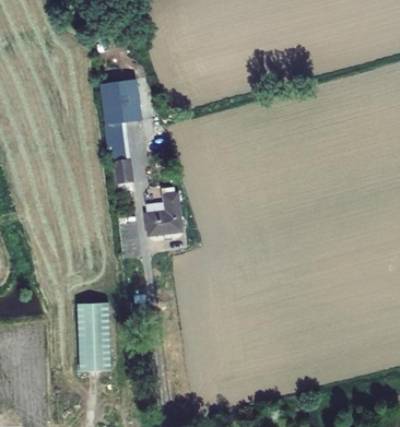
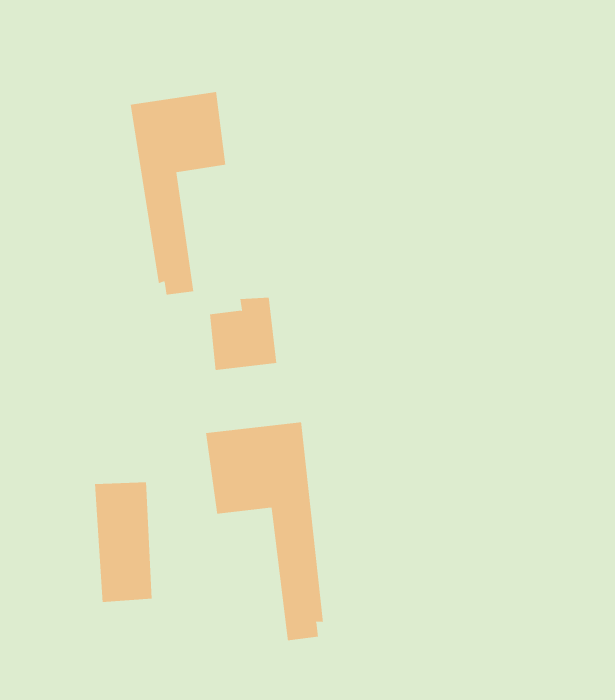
building: none -> [205,421,323,641]

